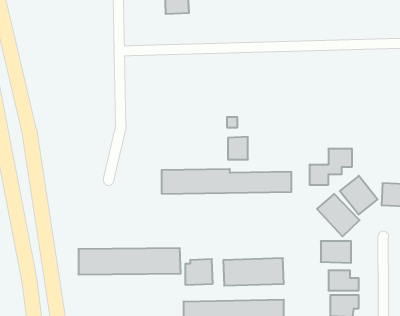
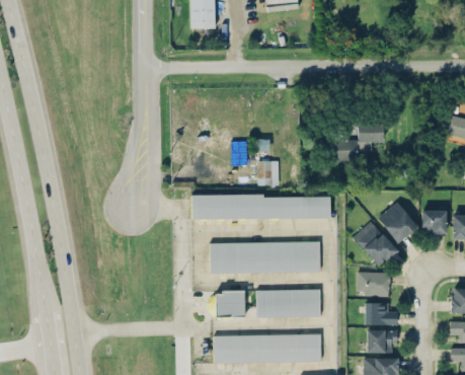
building: [309,149,352,185] -> [339,123,385,161]
building: [78,248,181,275] -> [209,244,318,273]

